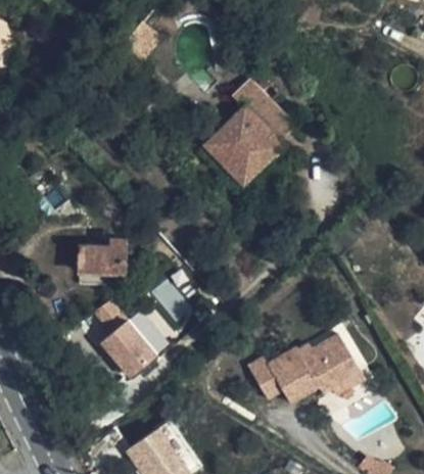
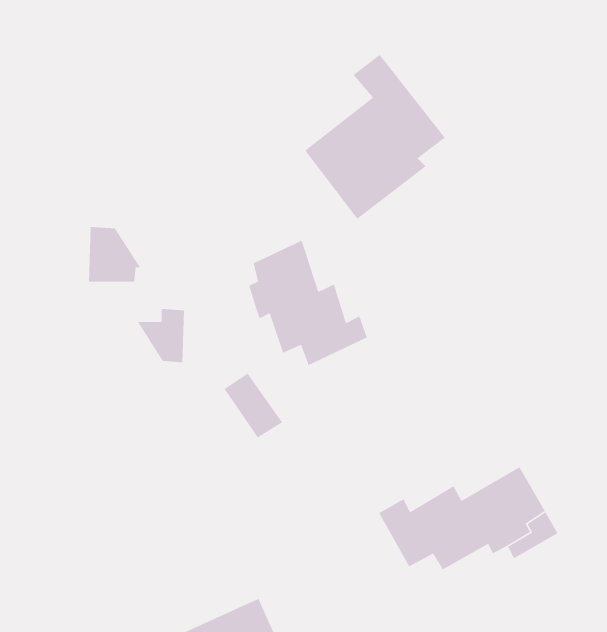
building: none -> [248,239,368,366]
building: [79,243,112,279] -> [88,226,141,283]
building: [91,296,168,377] -> none

